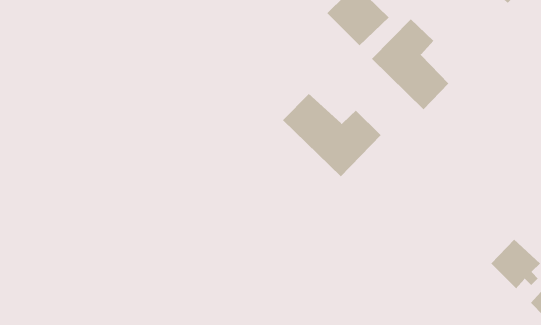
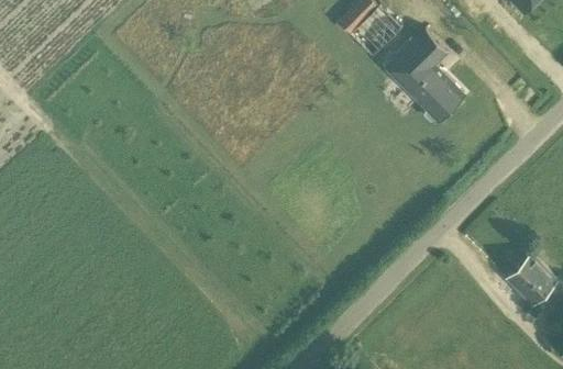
building: [282,93,382,177] -> none

